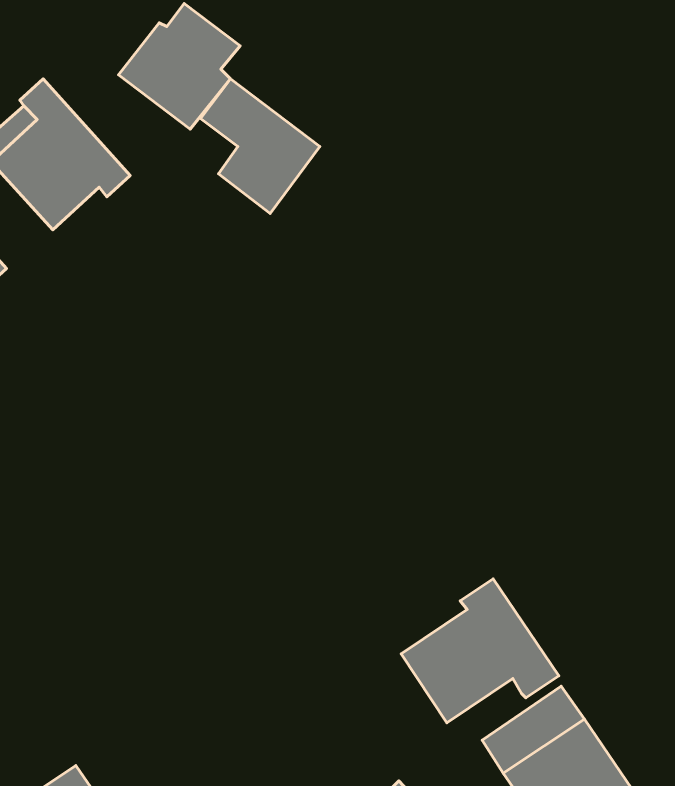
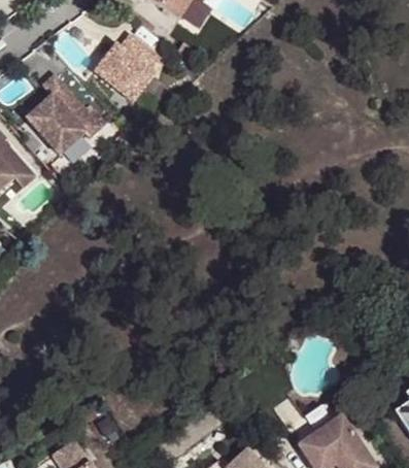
building: [200,79,320,213] -> none
building: [401,579,559,723] -> none

